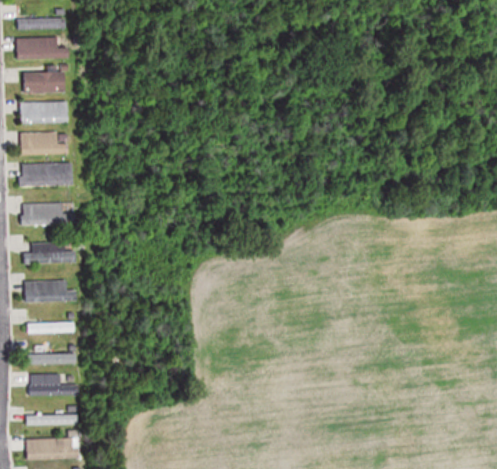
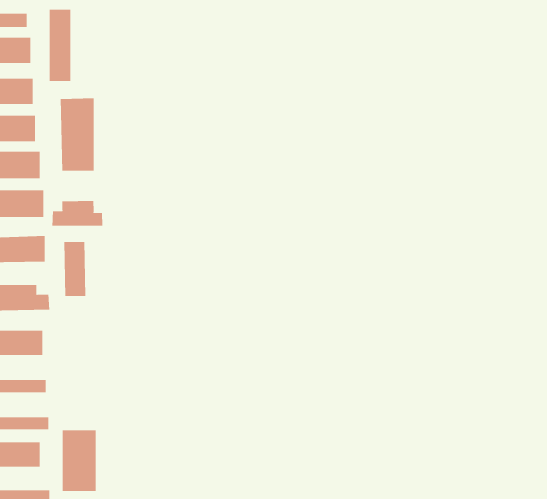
building: none -> [49,9,71,82]
building: none -> [60,97,94,172]
building: none -> [52,200,103,226]
building: none -> [64,241,86,297]
building: none -> [62,430,96,492]

